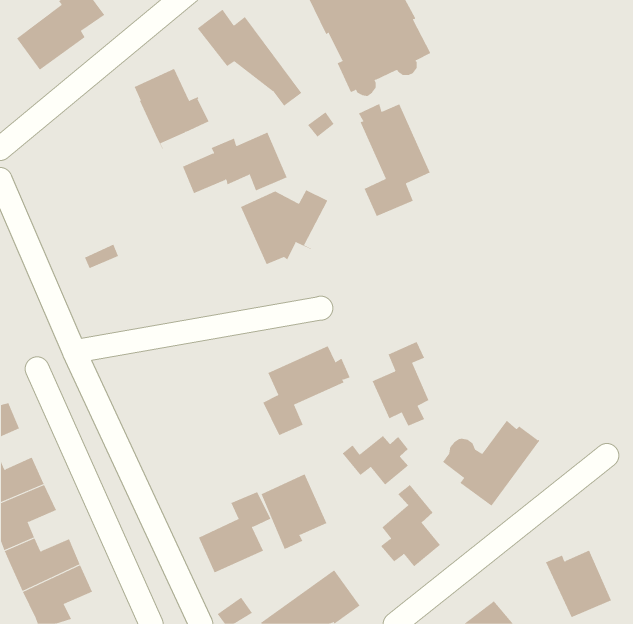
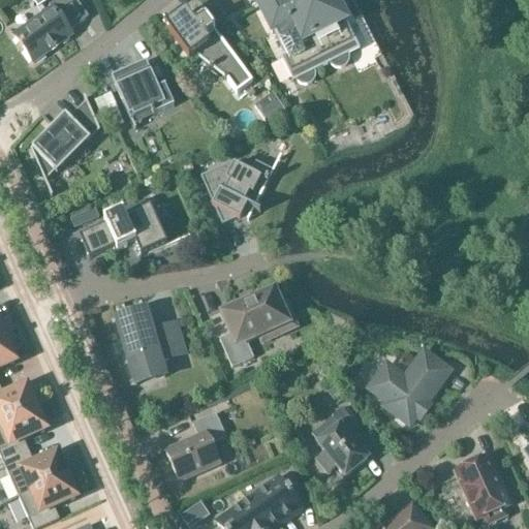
building: [358,103,431,217] -> none
building: none -> [31,93,100,192]
building: [182,132,288,194] -> [80,203,167,254]
building: [372,341,429,427] -> none
building: none -> [117,308,184,381]
building: [342,435,409,485] -> none
building: [261,474,327,550] -> none

